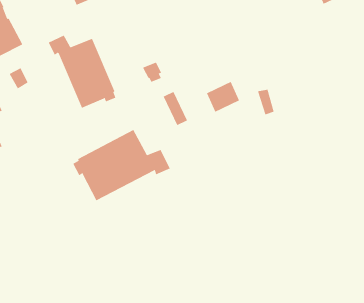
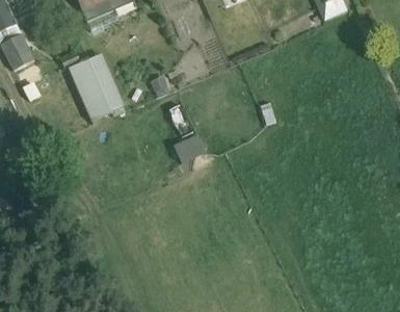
building: [206,81,240,113] -> [174,132,206,162]
building: [72,129,170,201] -> none

